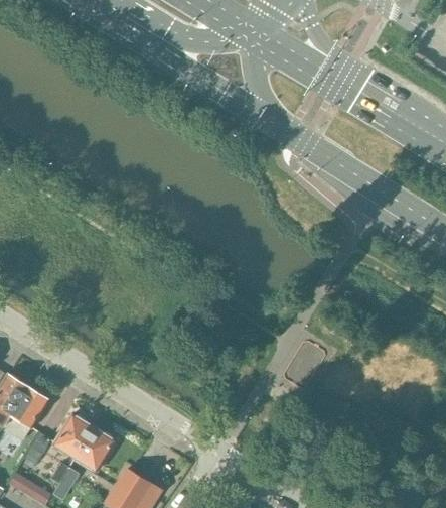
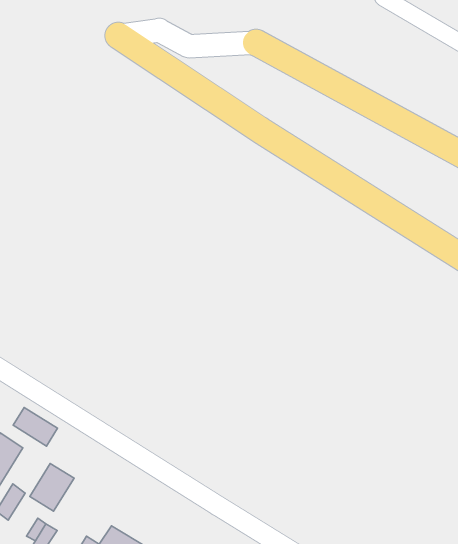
building: none -> [13,407,58,446]
building: [76,426,115,470] -> none

